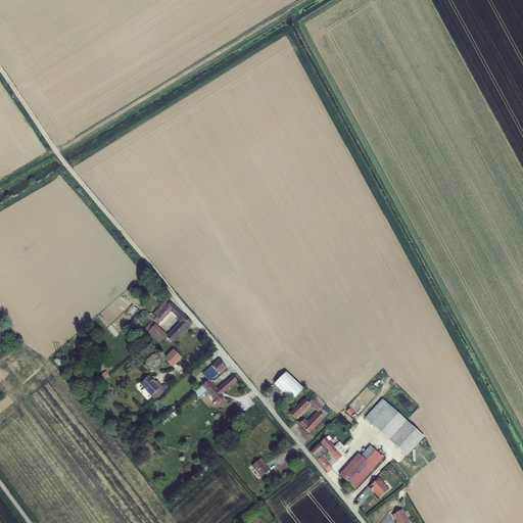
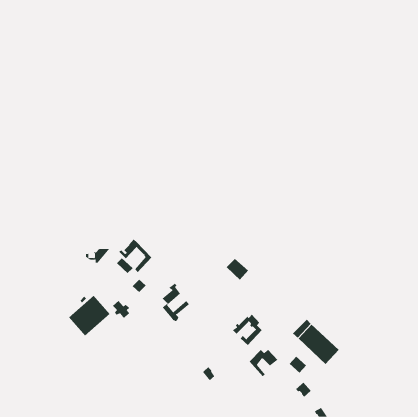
building: none -> [68,295,111,336]
building: [275,372,303,399] -> [226,258,249,280]
building: [339,453,374,487] -> none

